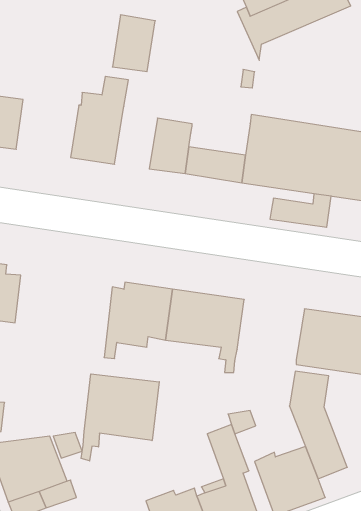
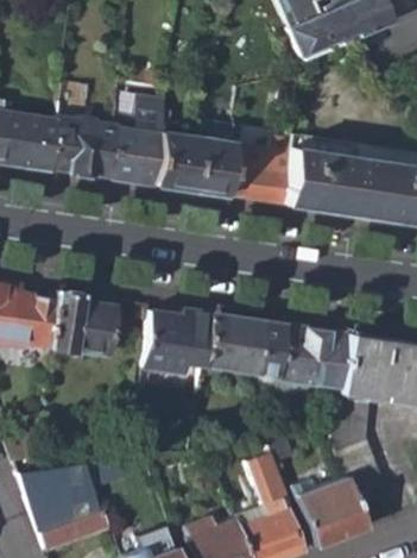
building: [112,15,155,72] -> [151,132,195,190]
building: none -> [50,115,114,178]
building: [270,194,331,227] -> [227,142,290,176]
building: none -> [49,291,115,356]
building: none -> [274,325,346,390]
building: [81,374,159,461] -> none

